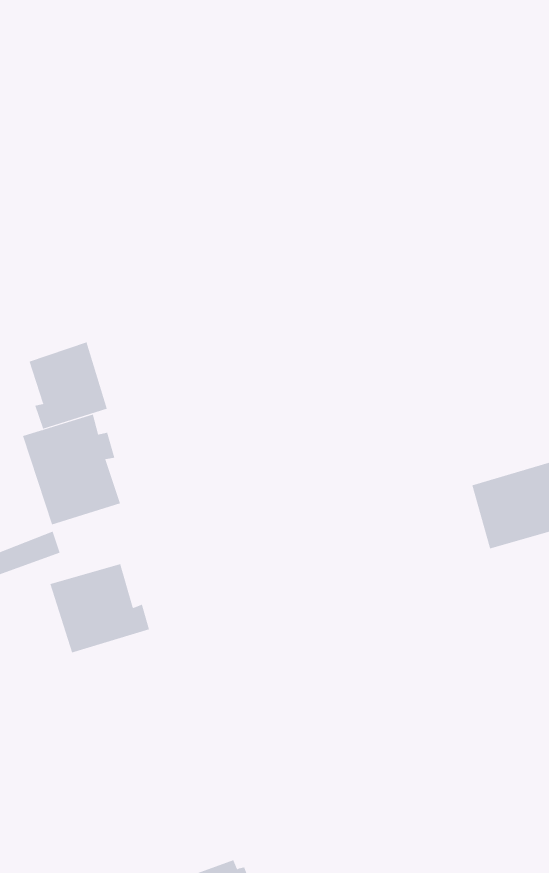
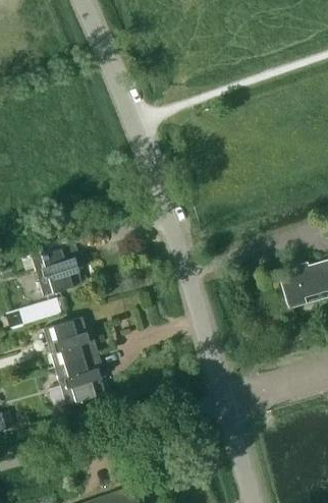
building: [29,342,107,430] -> none
building: none -> [55,354,106,405]

